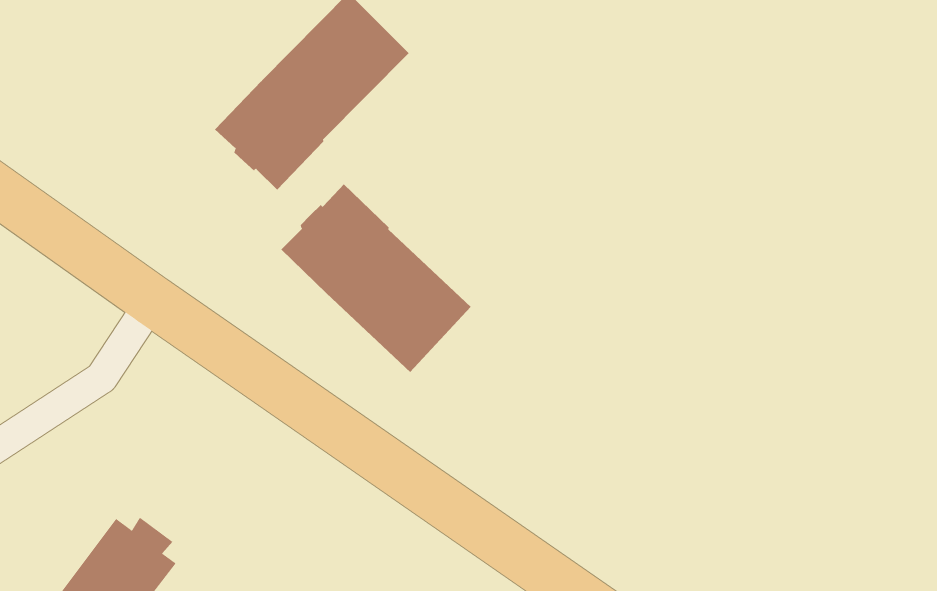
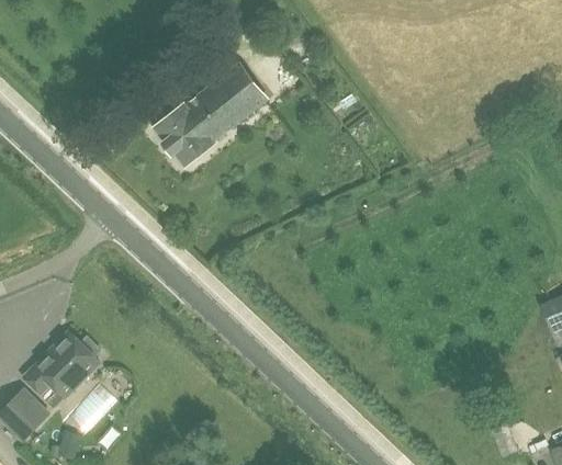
building: [280,183,472,373] -> none

